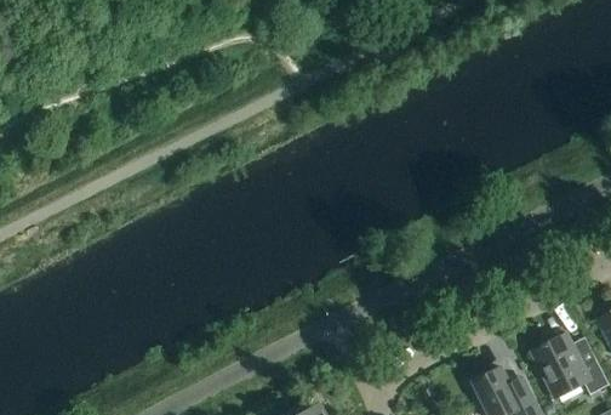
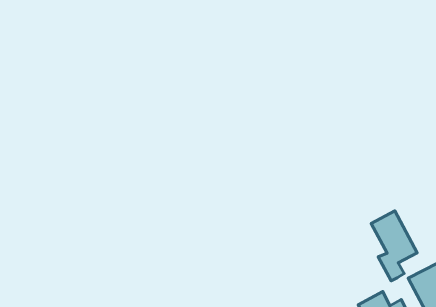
building: none -> [371,211,417,281]

